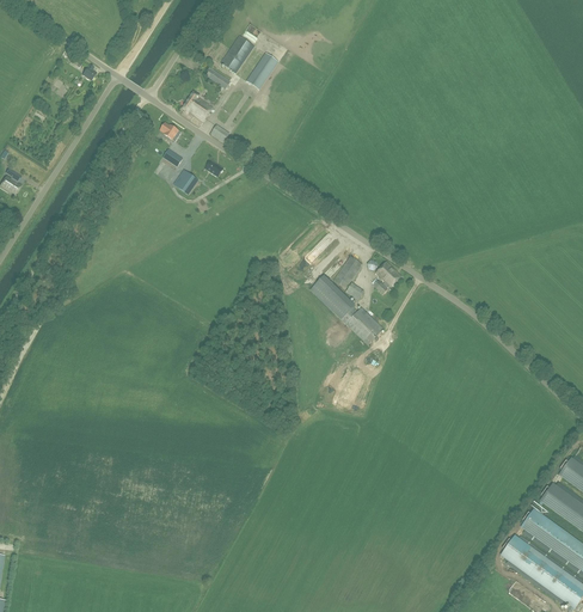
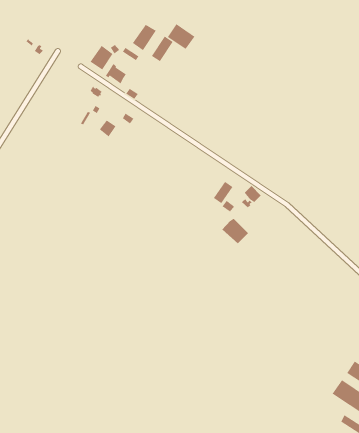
building: none -> [167,23,195,50]
building: none -> [89,45,114,71]
building: [311,275,357,324] -> none

